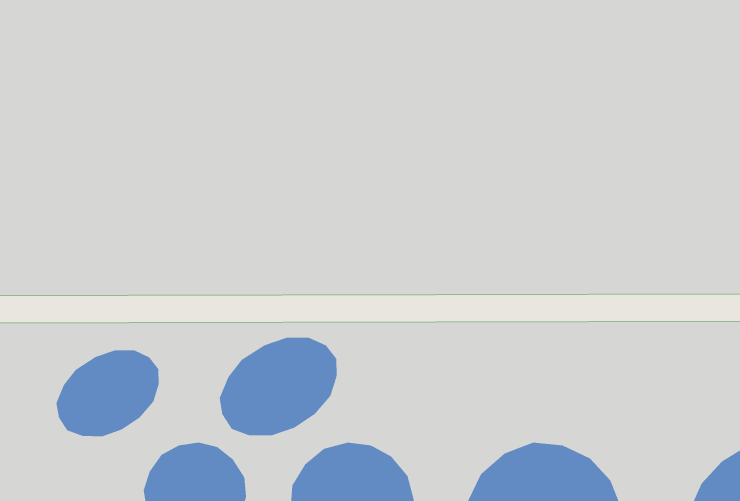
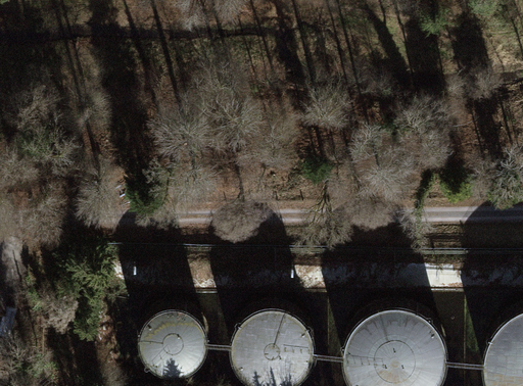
building: [219,337,337,436] -> none
building: [56,349,159,437] -> none

